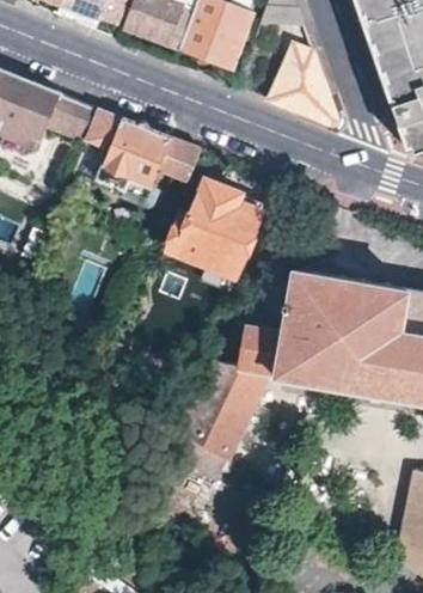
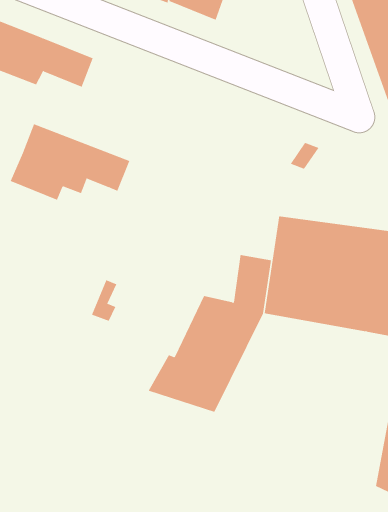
building: [269,53,337,127] -> none
building: [76,109,203,190] -> [10,123,130,201]
building: [171,181,262,274] -> none

